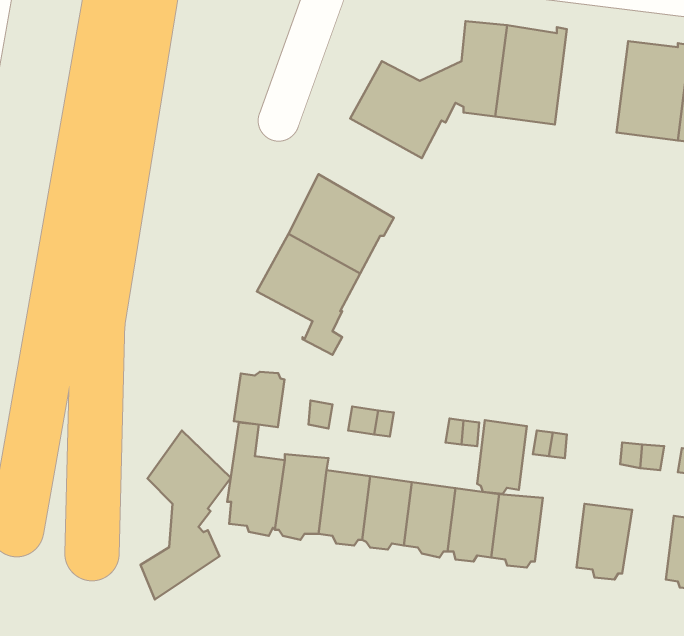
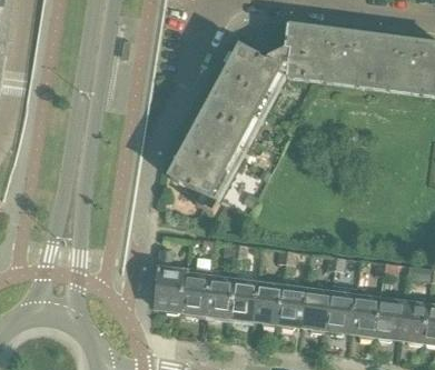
building: none -> [338,29,379,87]
building: none -> [206,79,264,134]
building: [234,372,285,427] -> none
building: [477,420,527,494] -> [327,291,355,332]
building: [141,430,231,599] -> none
building: none -> [376,298,405,339]

